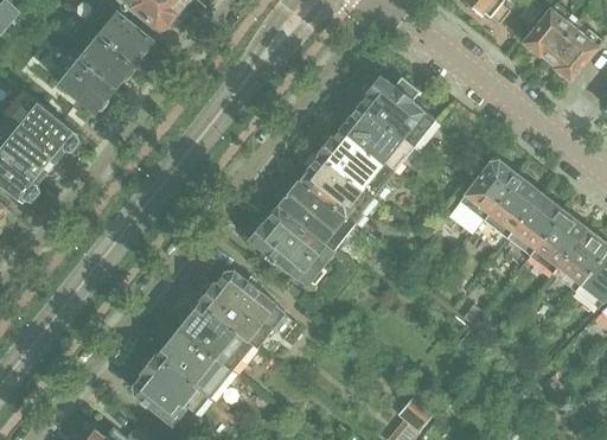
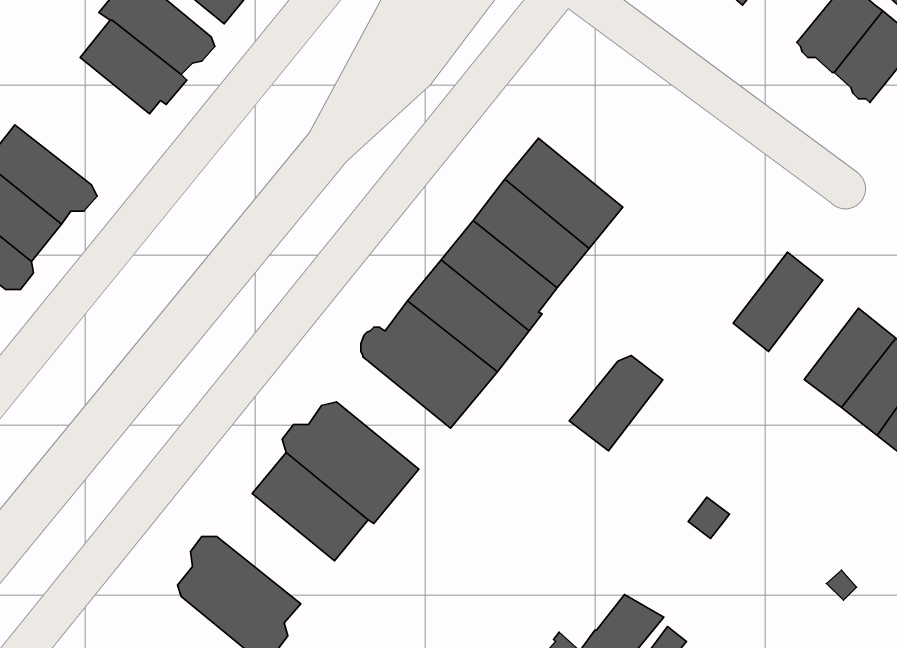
building: [51,51,114,110] -> none
building: [360,77,434,146] -> none
building: [459,159,518,219] -> [569,355,663,451]
building: [506,192,563,255] -> none
building: [156,327,231,397] -> none

